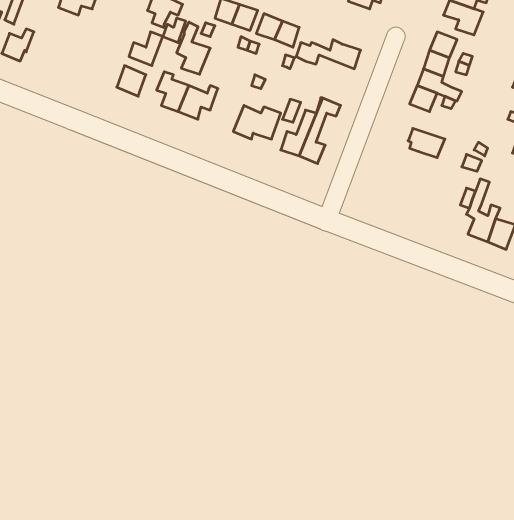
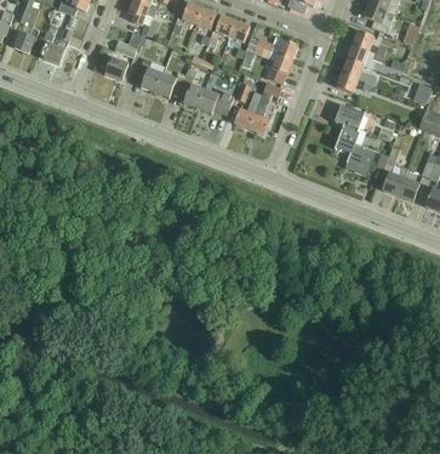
building: [177,22,210,74] -> [178,67,205,108]
building: none -> [40,28,72,64]
building: none -> [262,47,292,83]
building: none -> [335,124,373,172]

